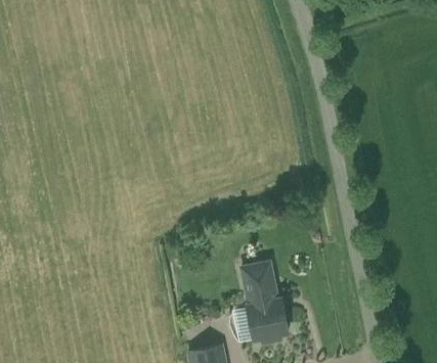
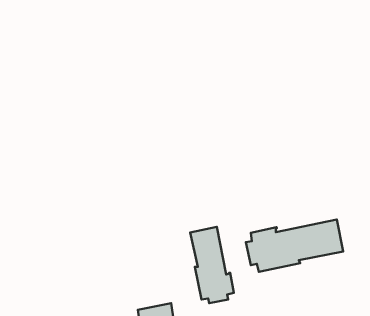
building: none -> [246,219,343,272]

